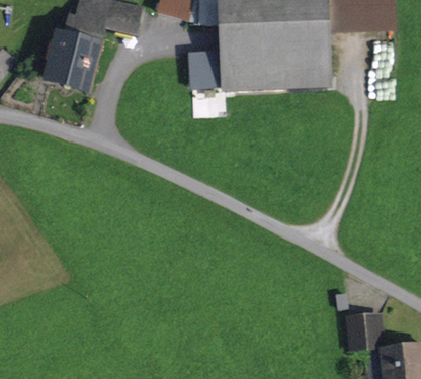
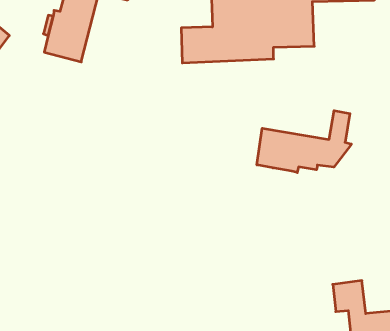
building: none -> [257,111,351,173]

